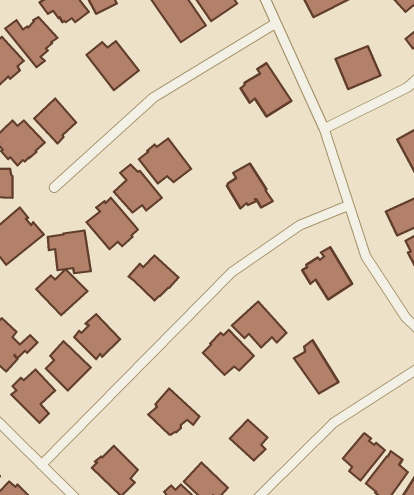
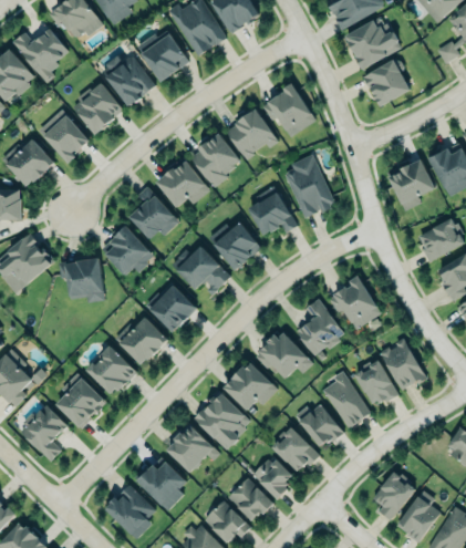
building: none -> [346,18,401,71]
building: none -> [143,35,189,81]
building: none -> [72,82,124,135]
building: none -> [226,110,279,159]
building: none -> [190,131,240,188]
building: none -> [286,153,334,217]
building: none -> [391,163,435,206]
building: none -> [208,224,262,271]
building: none -> [172,247,230,294]
building: [36,269,87,315] -> [114,318,168,366]
building: none -> [296,298,345,361]
building: none -> [380,337,427,389]
building: none -> [355,359,398,402]
building: none -> [194,391,250,451]
building: none -> [294,401,344,446]
building: none -> [271,425,320,471]
building: none -> [135,457,185,511]
building: none -> [224,477,267,520]

